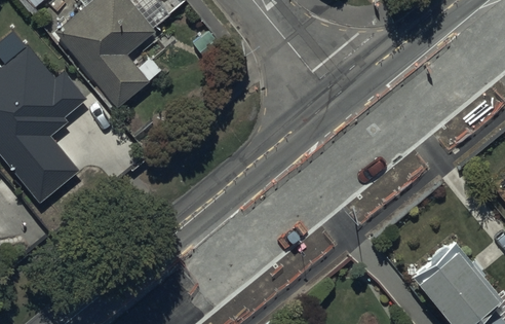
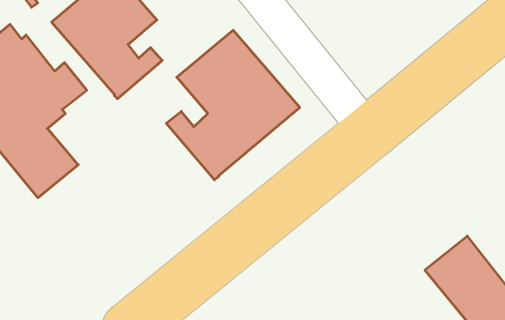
building: none -> [166,30,300,180]

